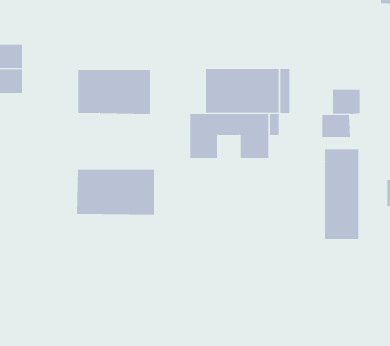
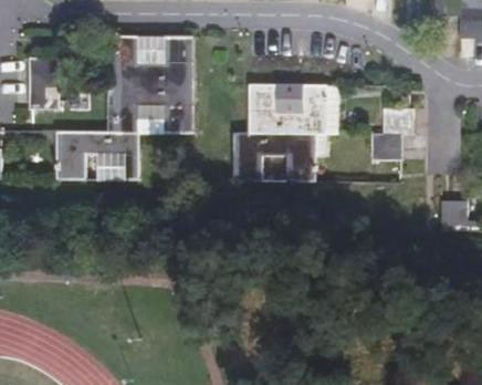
building: none -> [115,37,192,85]
building: [325,148,359,240] -> none
building: [76,169,155,215] -> [55,132,138,180]

